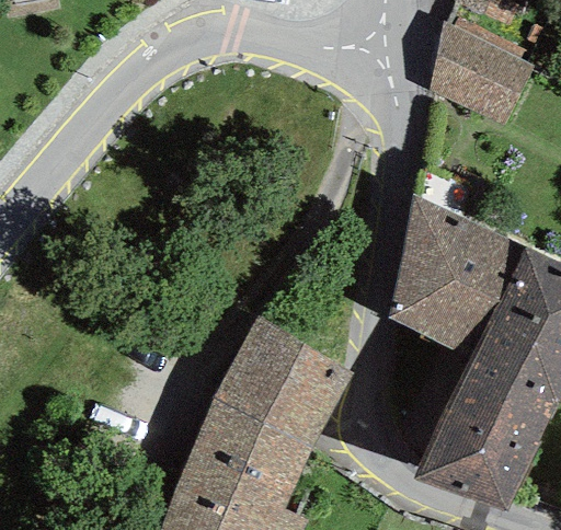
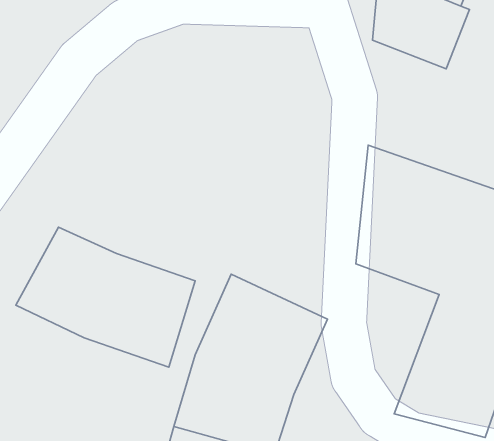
building: none -> [16,227,195,367]

